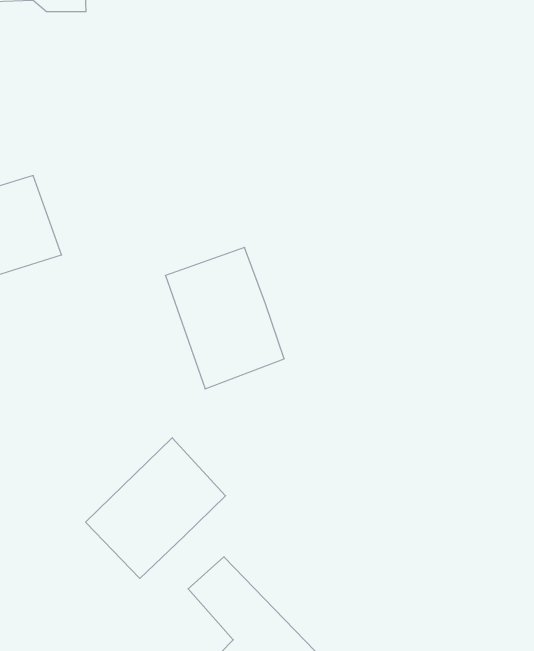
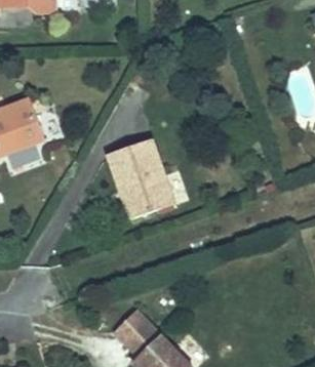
building: [86,438,226,578] -> none

